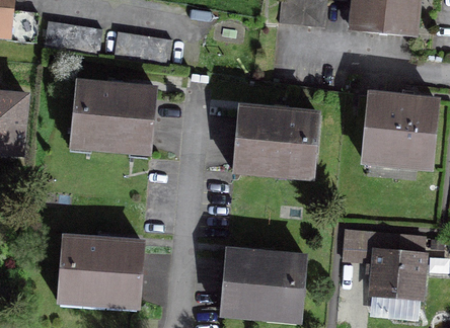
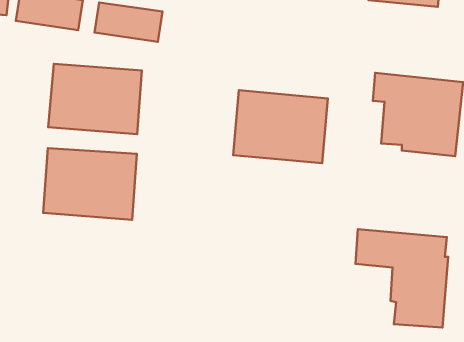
building: [60,237,142,300] -> [43,148,137,220]
building: [222,249,304,313] -> none

